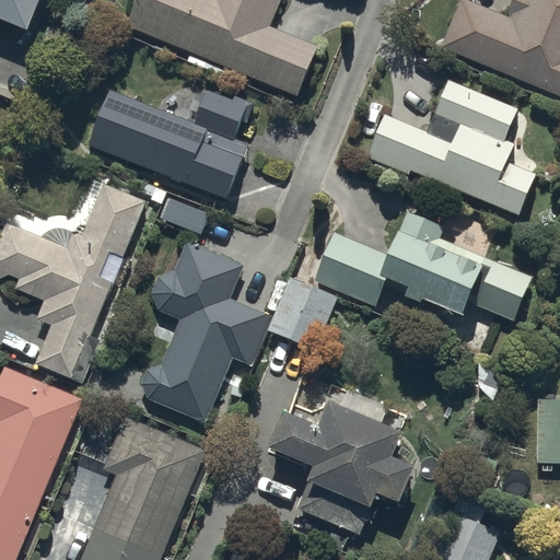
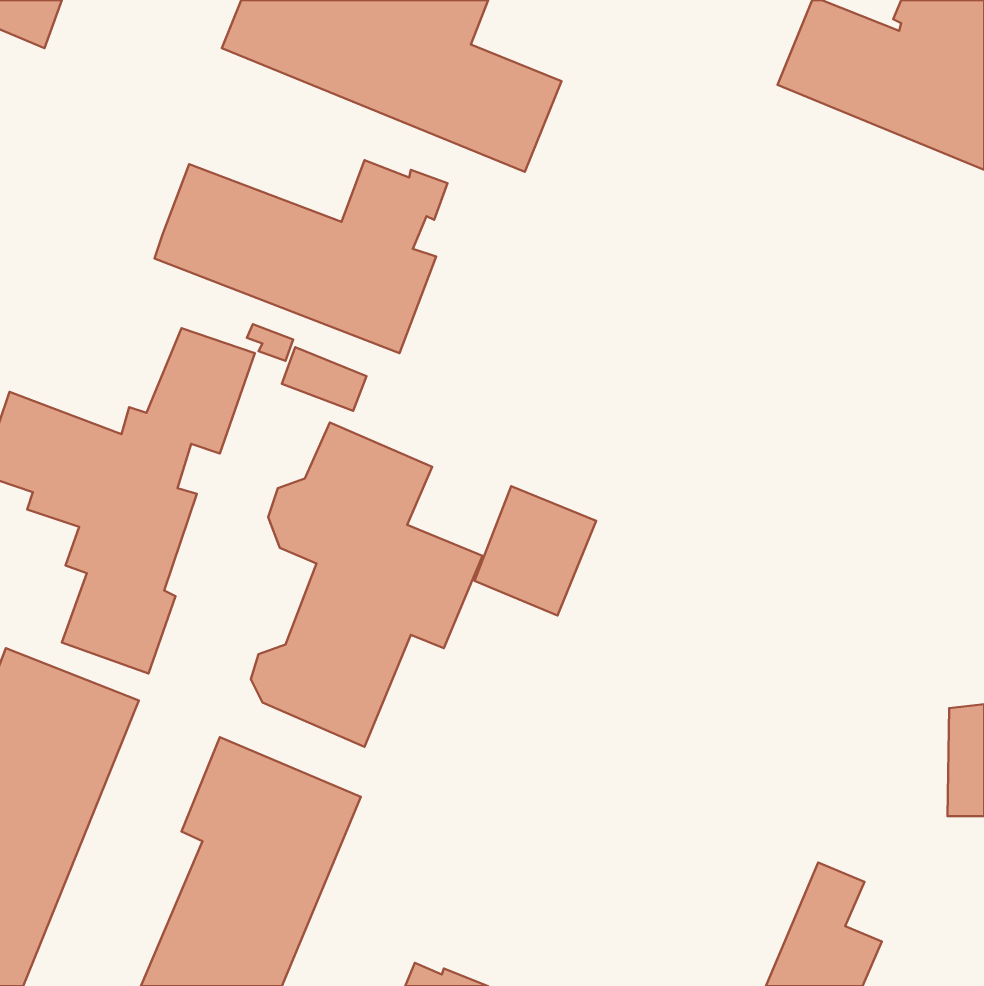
building: [366,81,536,217] -> none
building: [314,211,533,320] -> none
building: [267,386,413,532] -> none

